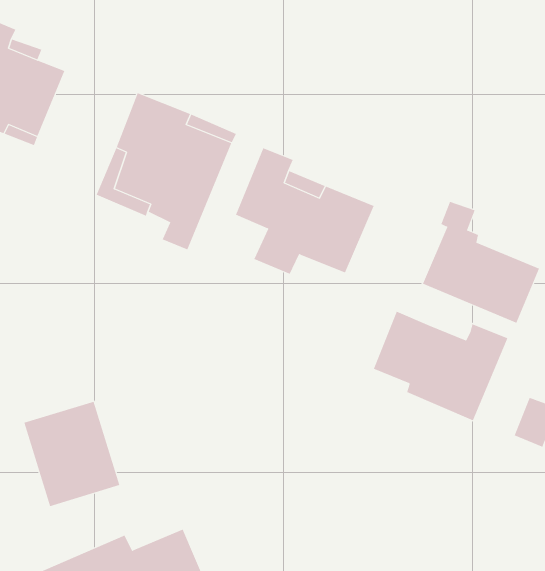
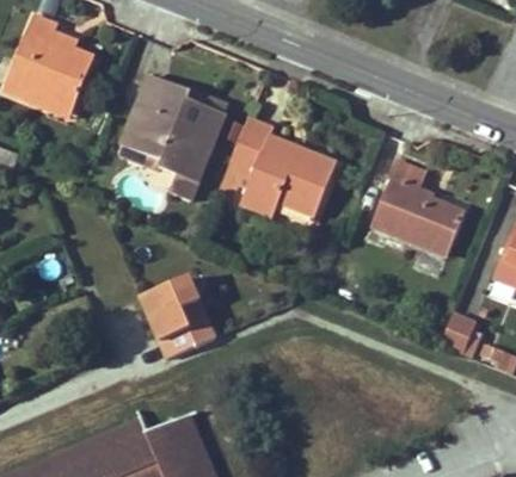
building: [373,311,508,421] -> none
building: [24,401,120,507] -> [140,275,215,358]

